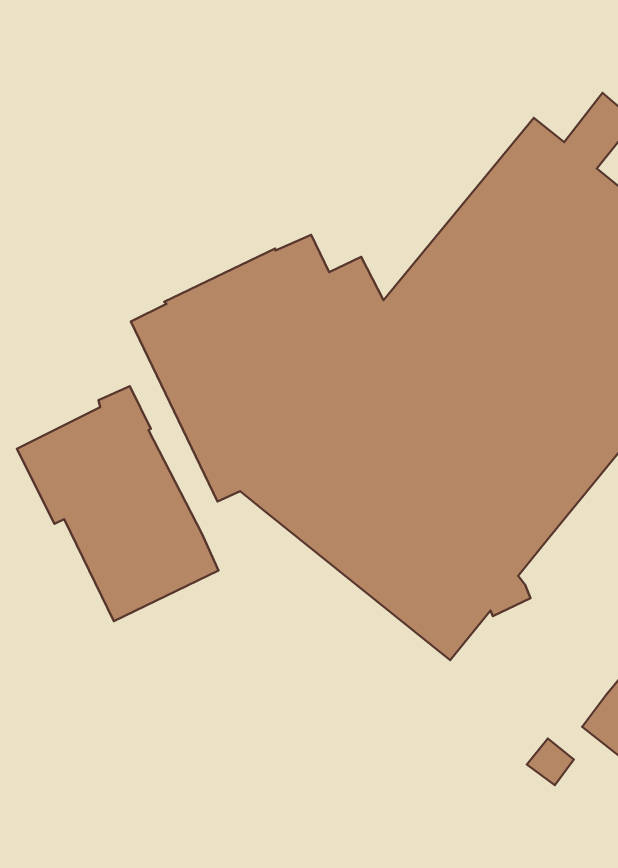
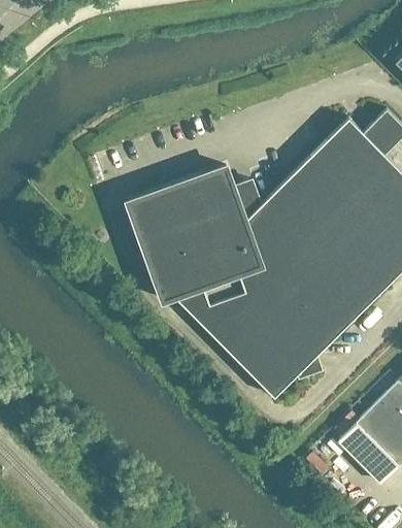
building: [17,386,219,621] -> none

